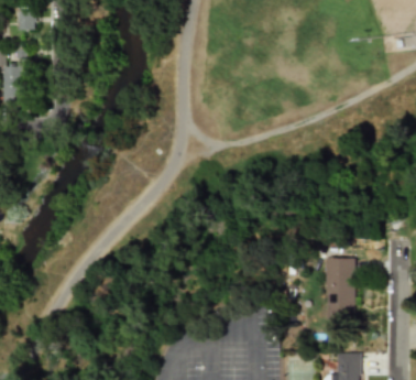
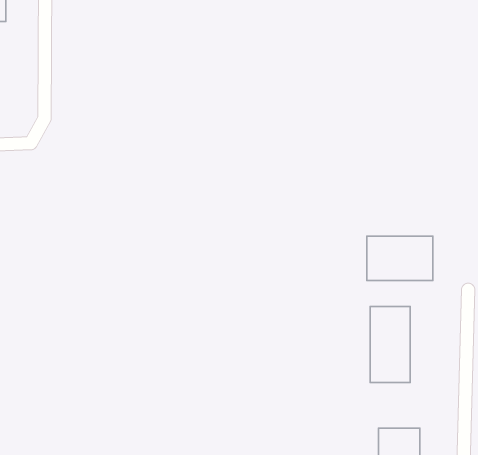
building: none -> [367,236,433,281]

